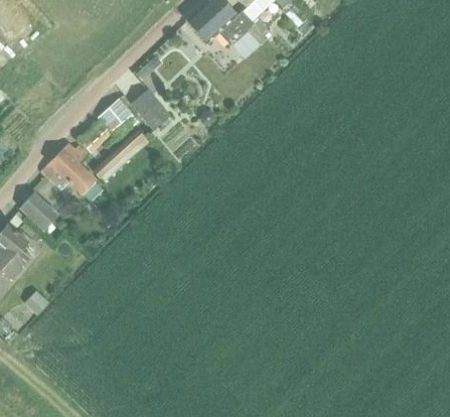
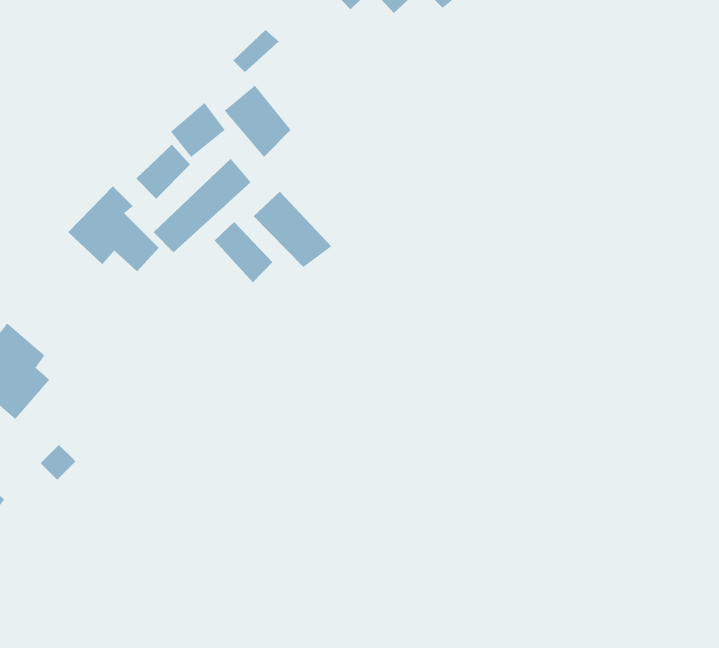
building: none -> [253,191,332,268]
building: none -> [214,221,273,283]
building: [20,191,56,231] -> none

